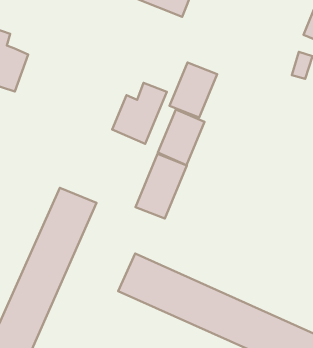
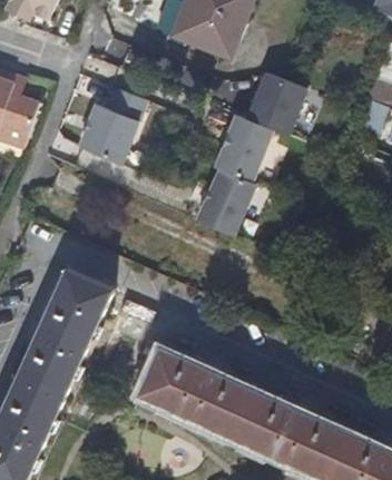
building: none -> [246,74,302,130]
building: [112,83,167,144] -> [76,88,144,164]
building: [135,154,187,219] -> none

